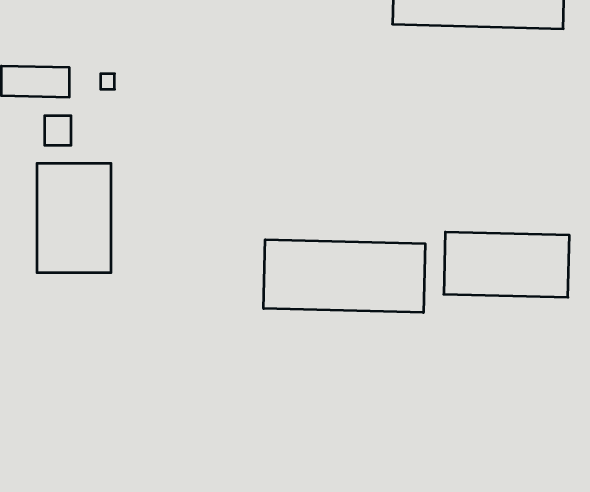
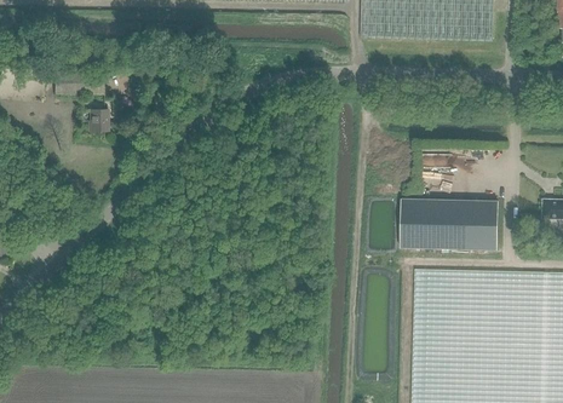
building: [37,163,111,273] -> none
building: [264,240,425,313] -> none

